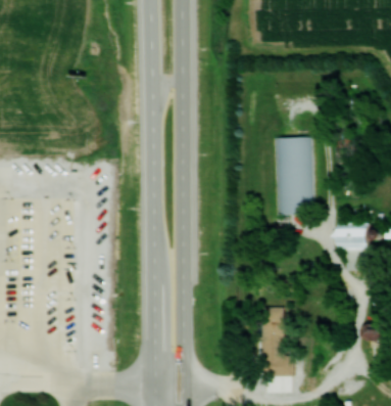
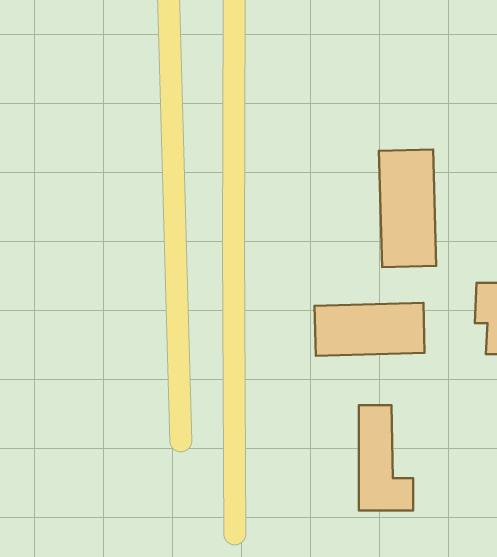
building: none -> [314,303,425,356]

